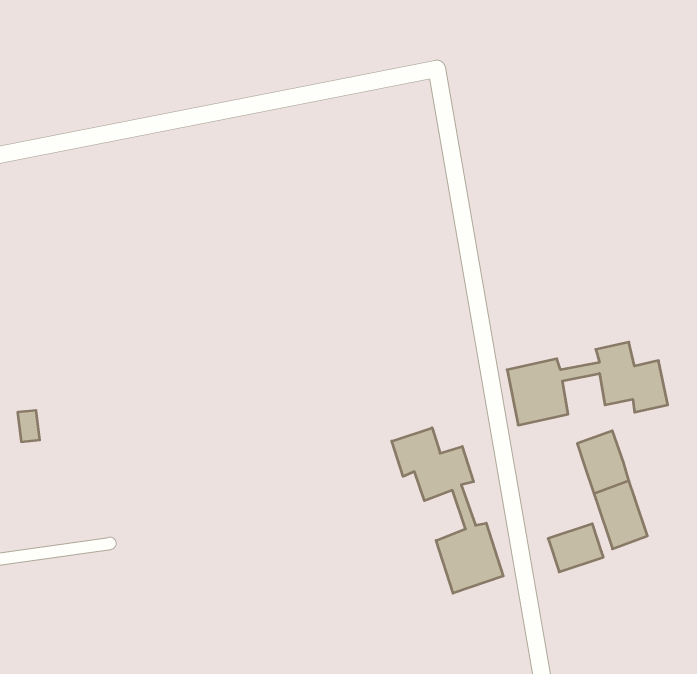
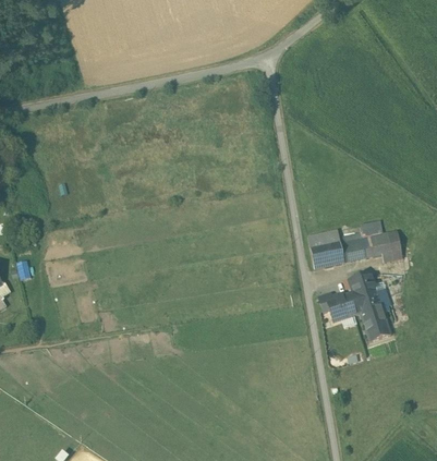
building: [392,428,503,593] -> none
building: [548,524,603,572] -> [328,293,361,322]

